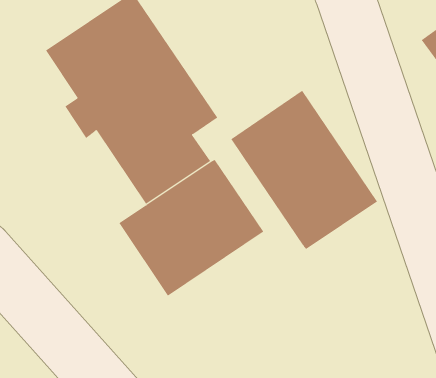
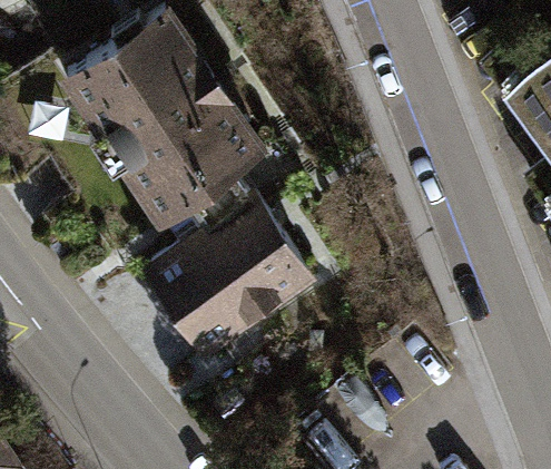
building: [230,90,378,250] -> none

